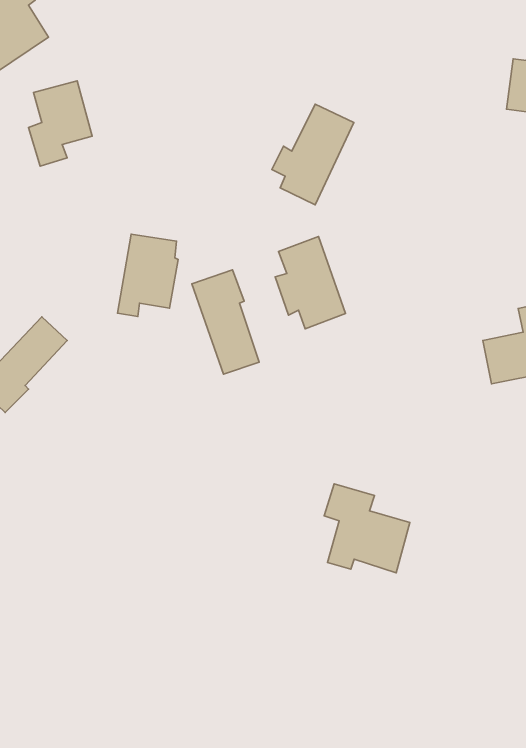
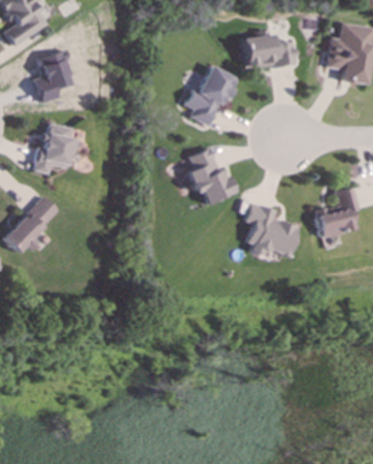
building: none -> [242,33,296,70]
building: [118,234,178,316] -> [36,123,73,173]
building: [192,270,259,374] -> none
building: [324,484,410,573] -> [244,202,297,257]

